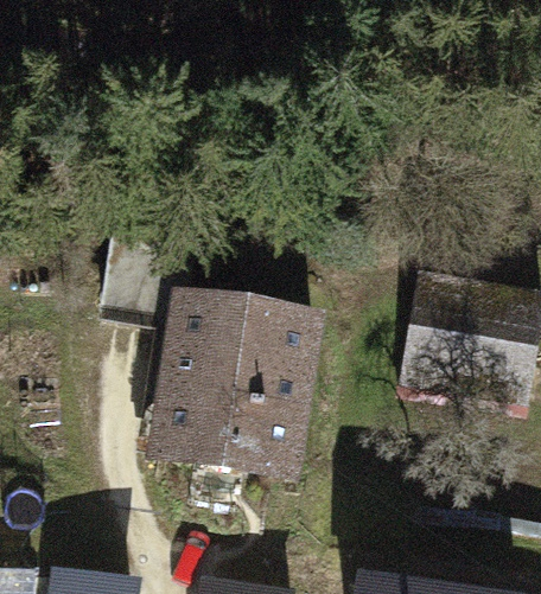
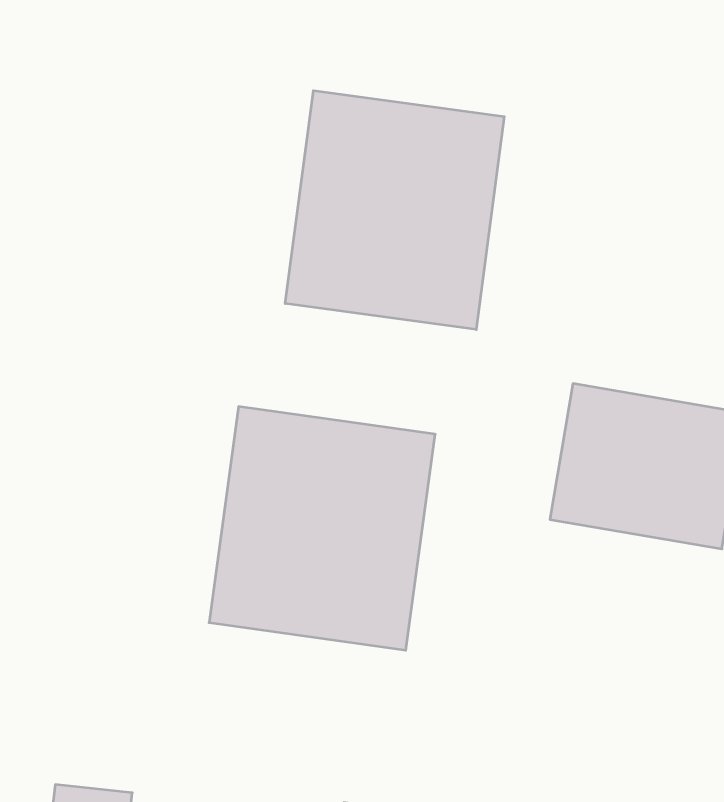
building: none -> [285,91,504,330]

